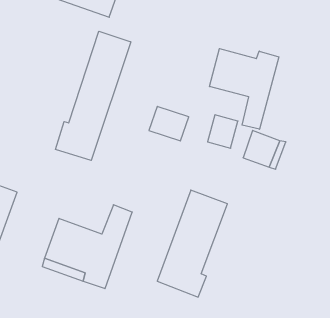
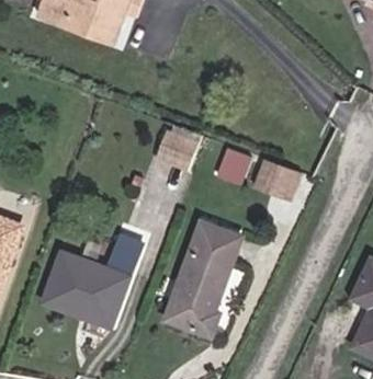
building: [55,31,131,160] -> none
building: [210,49,279,129] -> none

